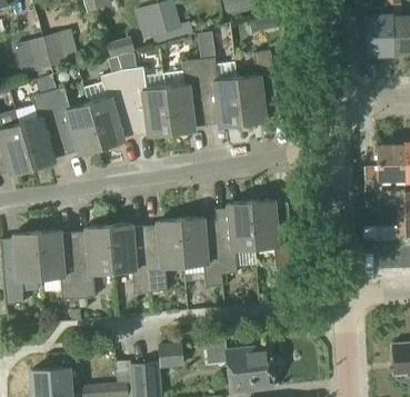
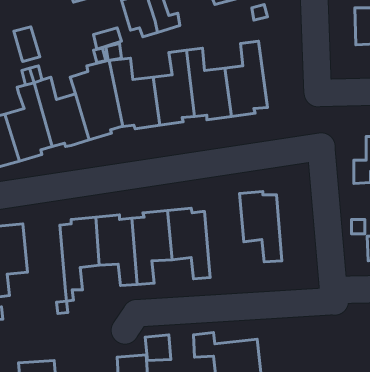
building: [44,28,79,66] -> none
building: [214,201,256,274] -> none
building: [37,229,79,299] -> none

